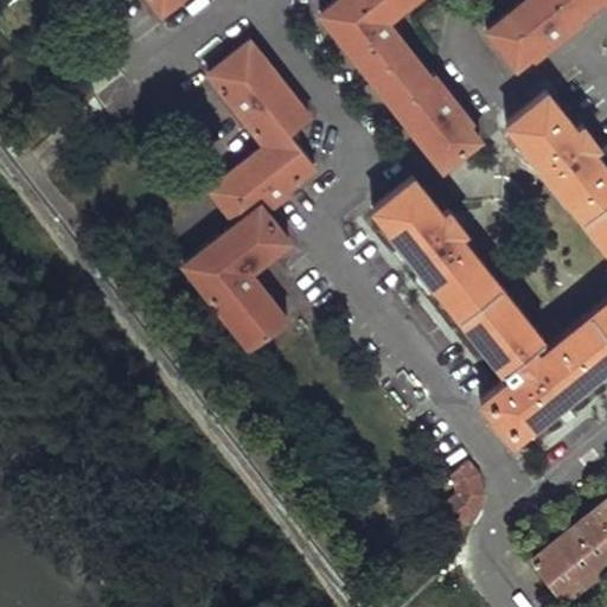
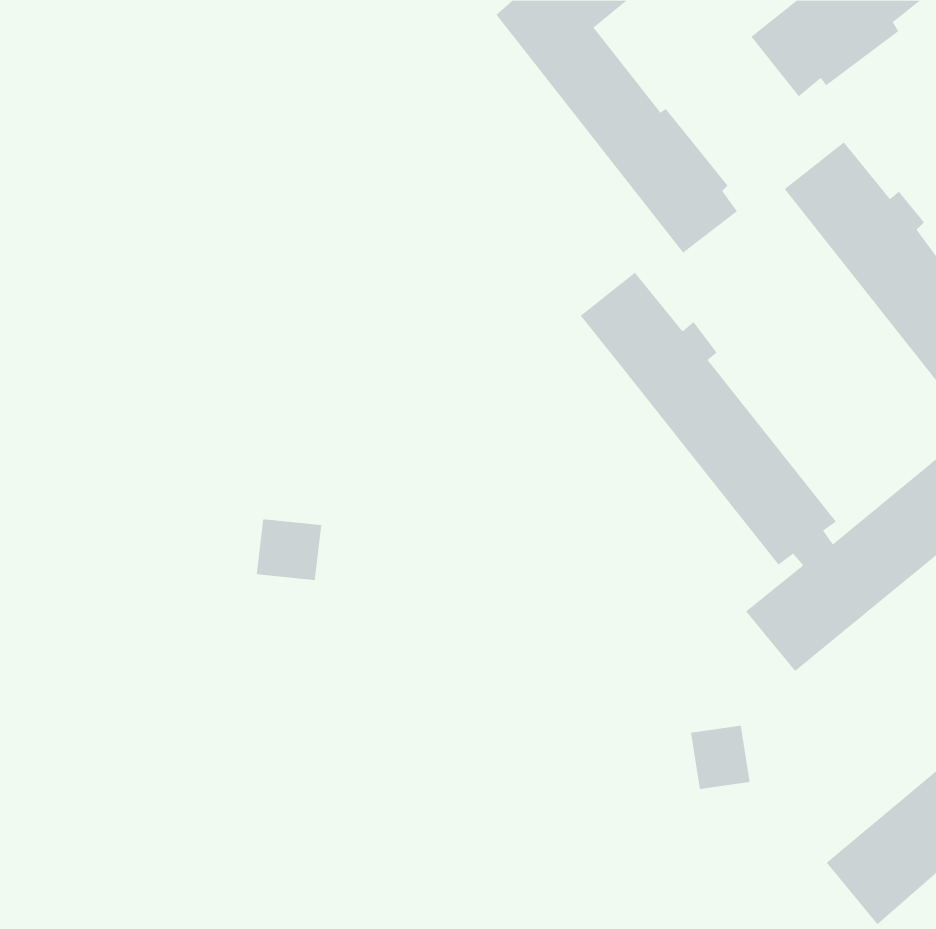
building: [186,46,313,349] -> none
building: none -> [256,518,322,581]

